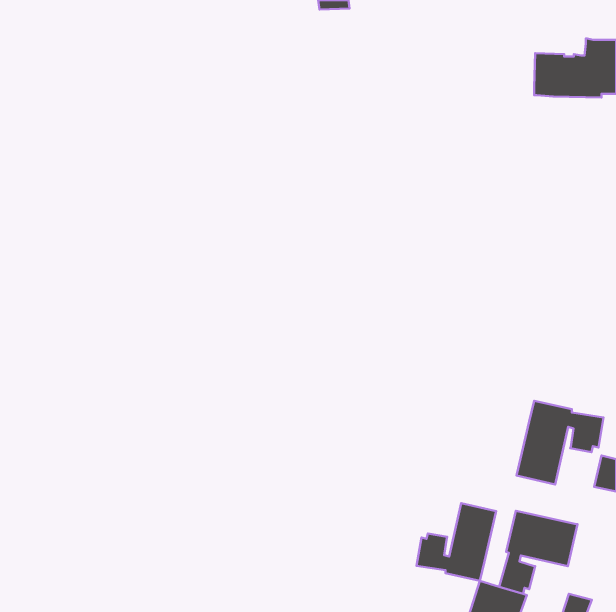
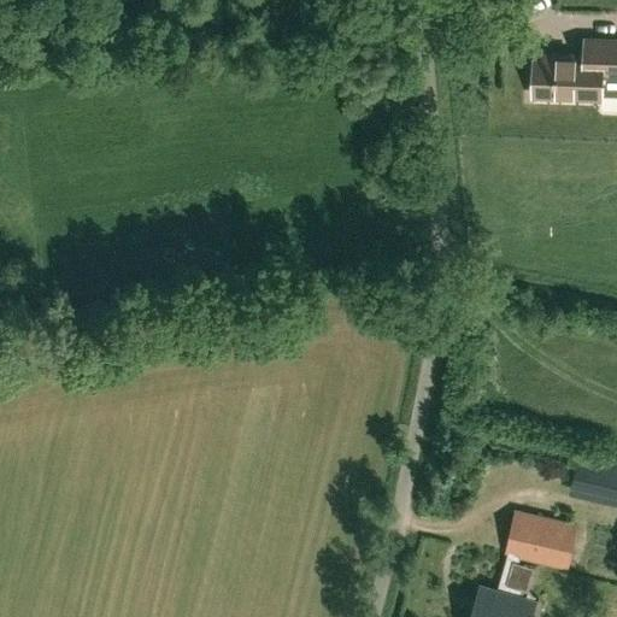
building: [516,401,604,484] -> none
building: [417,503,496,581] -> none

